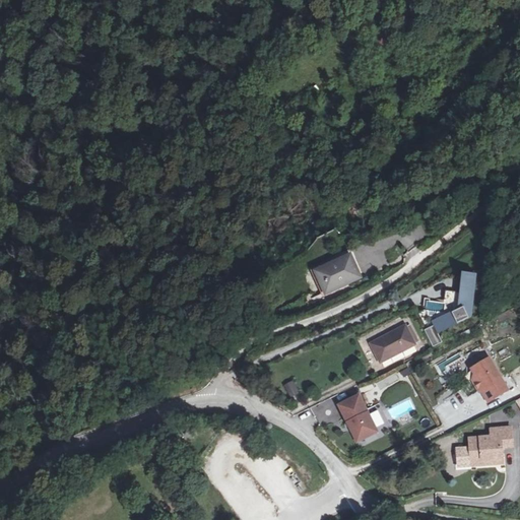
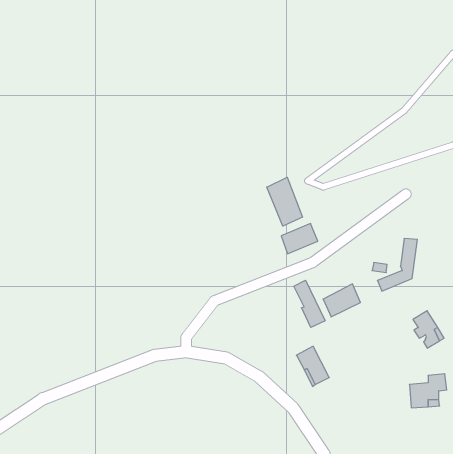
building: none -> [267,177,303,226]
building: none -> [294,280,325,327]

